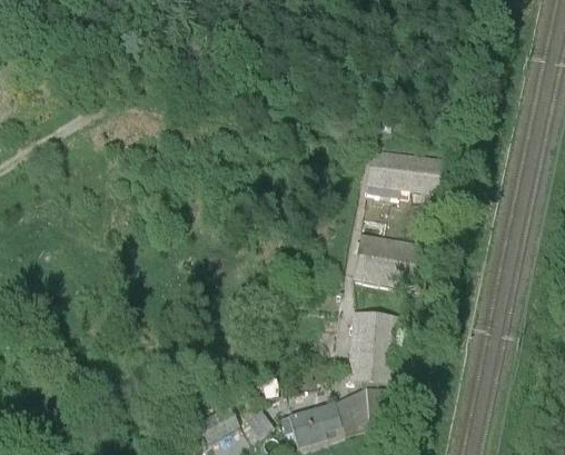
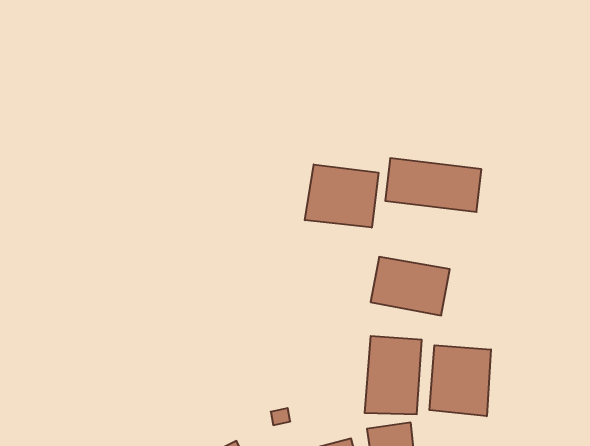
building: none -> [305,164,378,228]
building: none -> [429,345,491,416]

